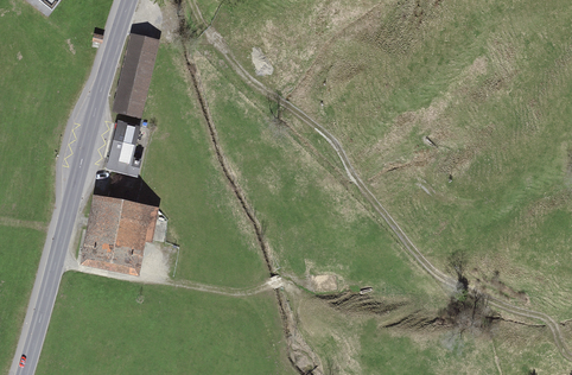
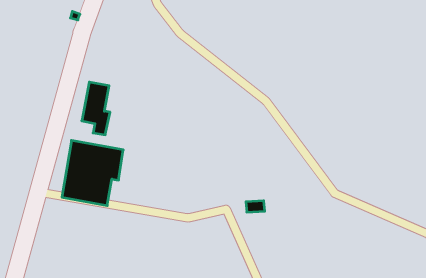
building: [112,33,158,119] -> none

